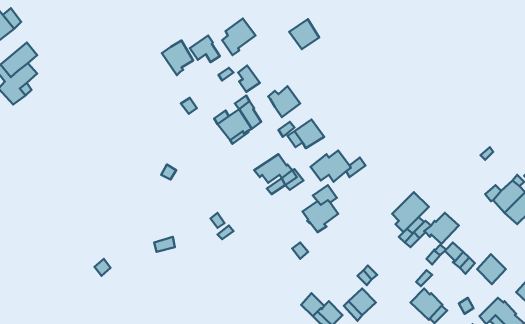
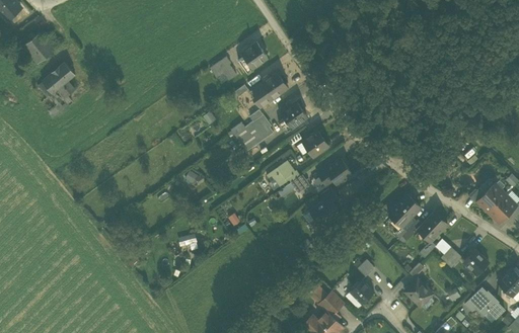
building: [289,19,319,49] -> [261,72,287,98]
building: [162,40,193,75] -> none

